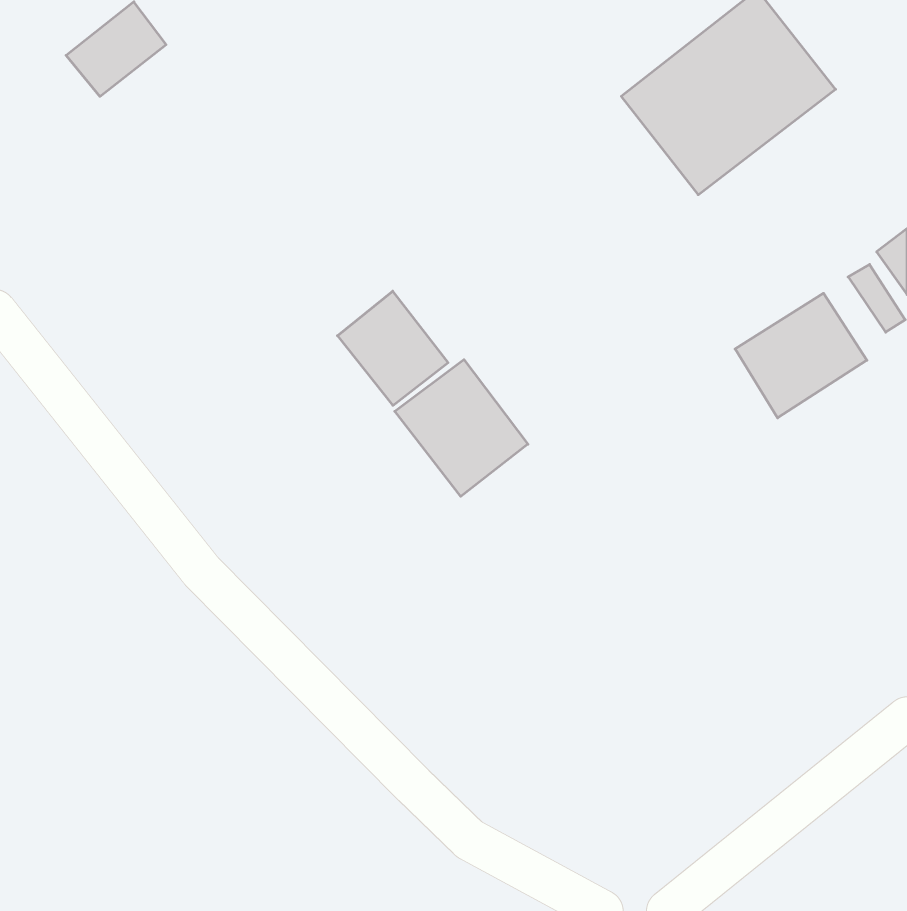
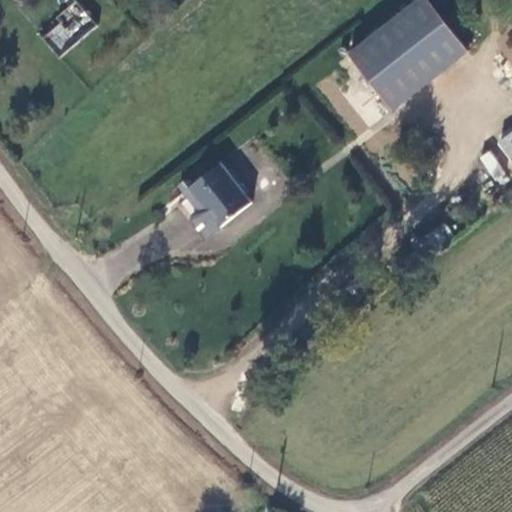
building: [735,293,867,418] -> none
building: [395,360,528,496] -> none

